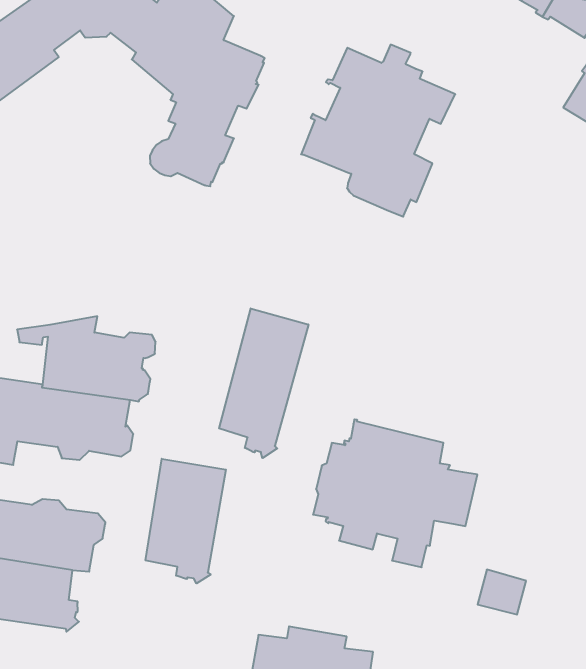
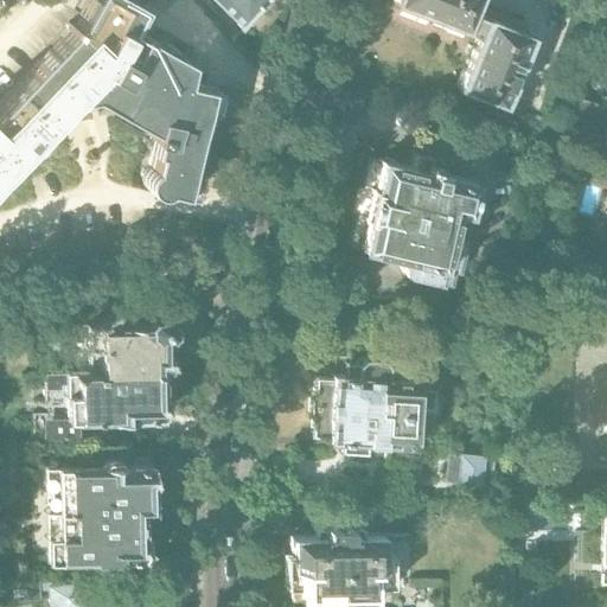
building: [301,45,455,217] -> [368,159,479,290]
building: [219,308,308,458] -> none
building: [146,459,226,583] -> none

